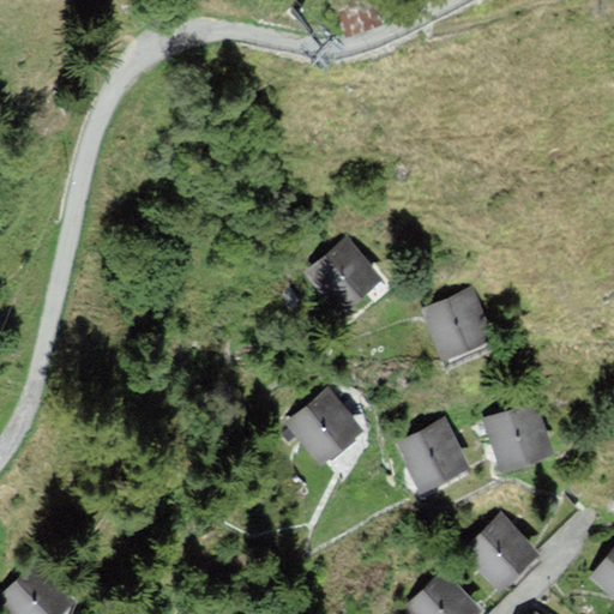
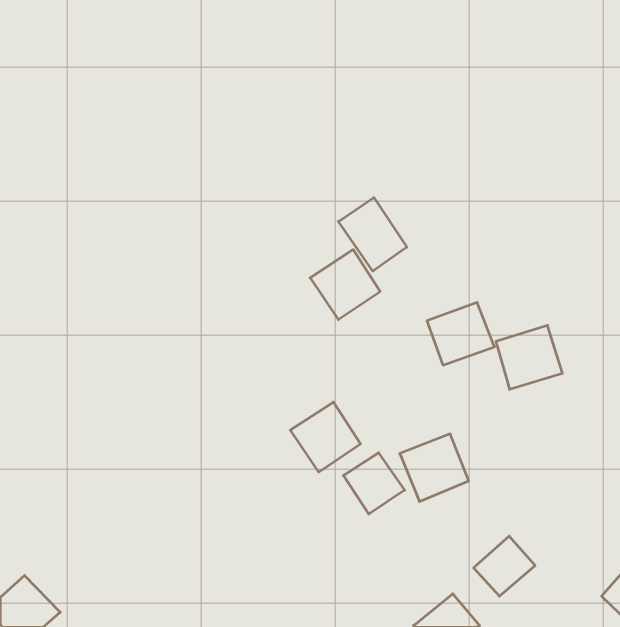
building: none -> [338,198,407,271]
building: [487,408,552,470] -> [496,325,562,389]
building: none -> [343,453,405,514]

